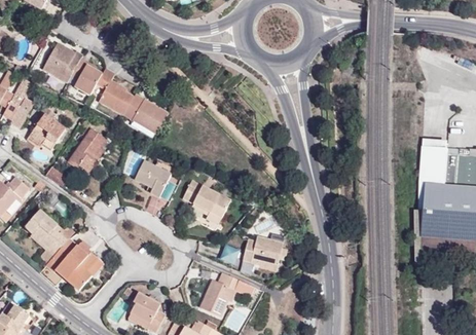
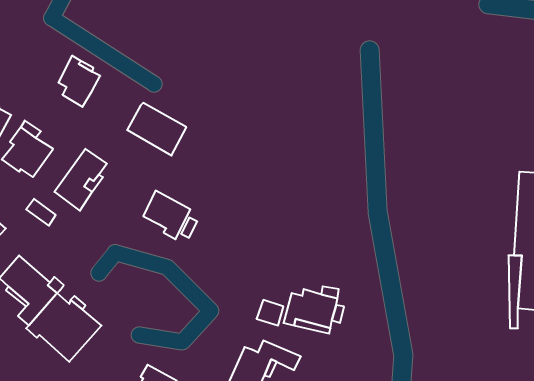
building: [42,41,82,82] -> none
building: [96,67,133,114] -> none
building: [182,179,230,224] -> none

